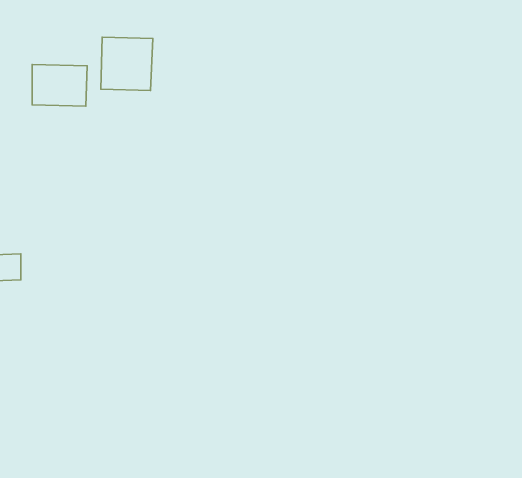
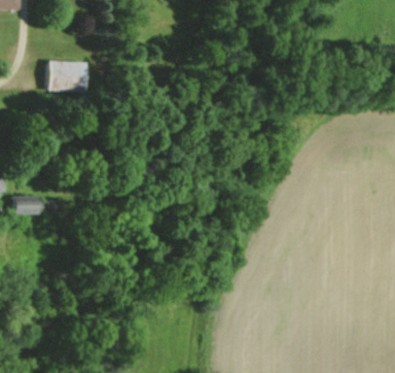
building: [101,37,153,90] -> none

